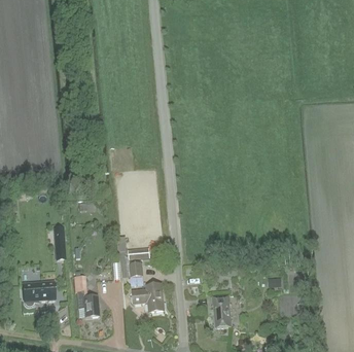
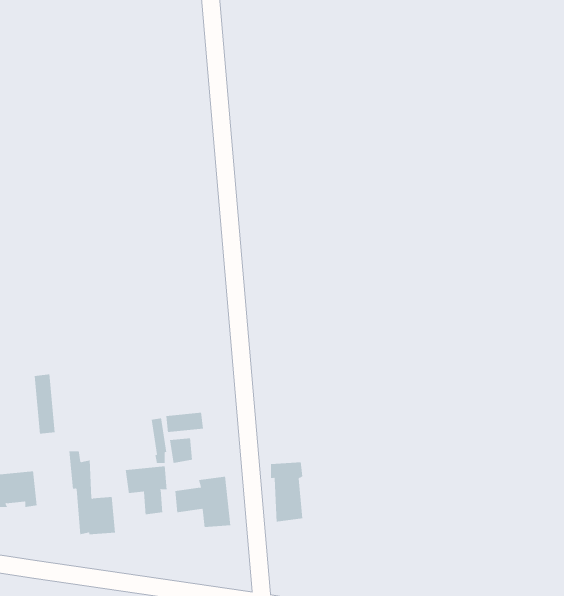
building: none -> [125,466,167,515]
building: [212,294,231,328] -> [270,462,303,522]

